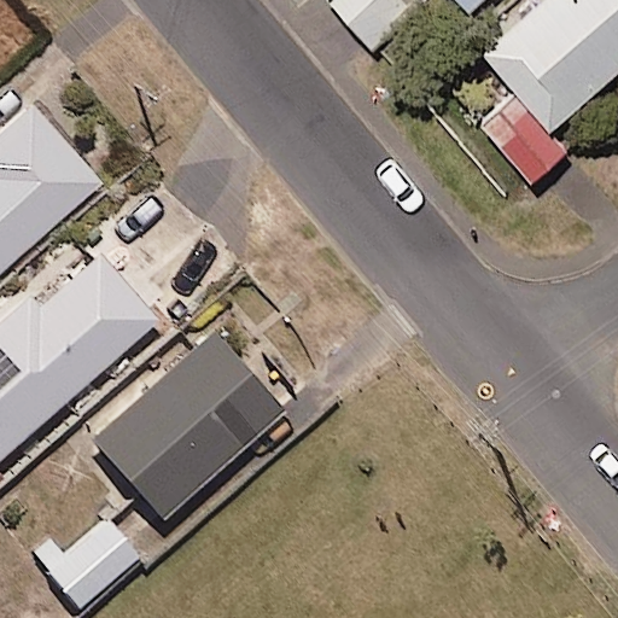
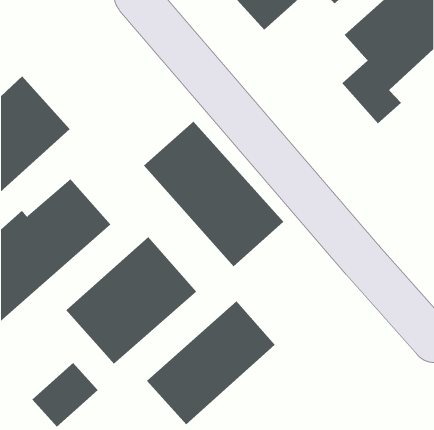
building: none -> [143,121,284,267]
building: none -> [146,301,276,425]

